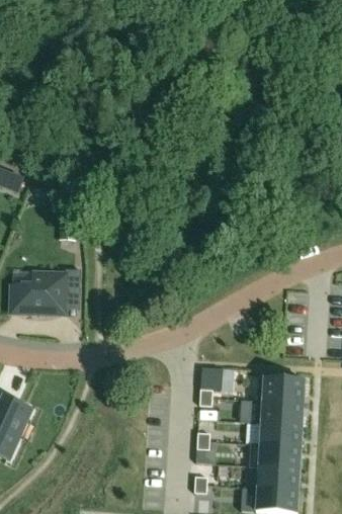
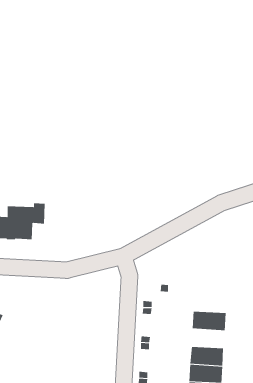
building: [261,378,304,404] -> none
building: [259,423,302,447] -> none

